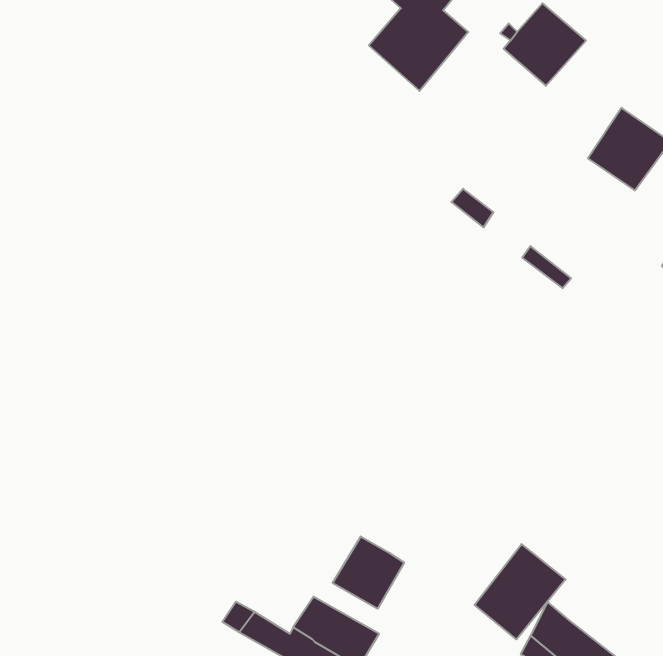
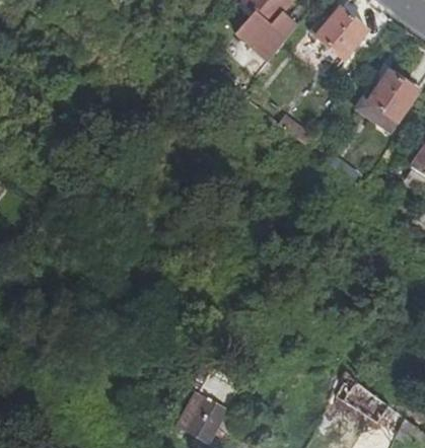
building: [333,536,404,609] -> none
building: [474,544,566,639] -> none

